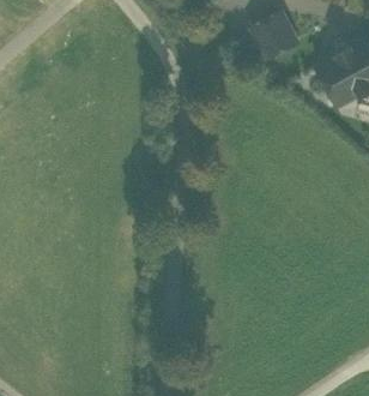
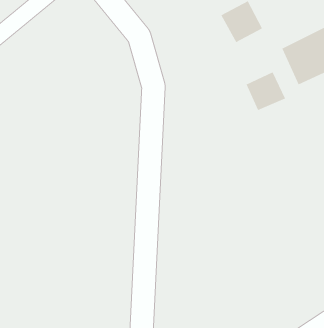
building: none -> [246,71,286,111]

